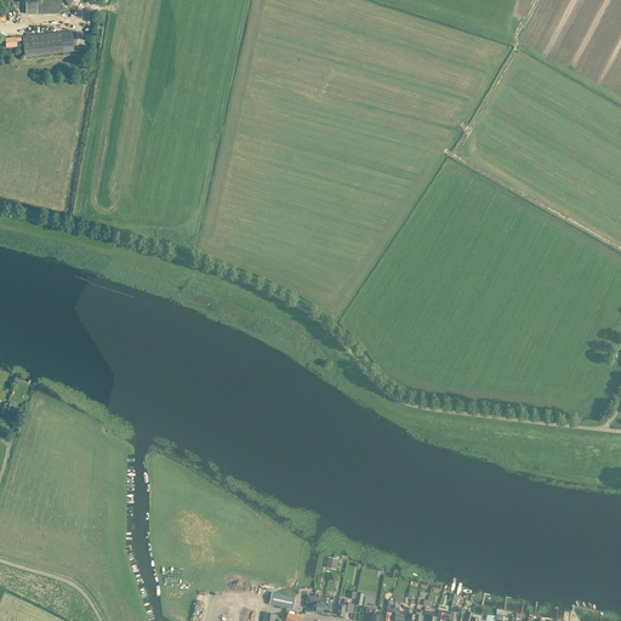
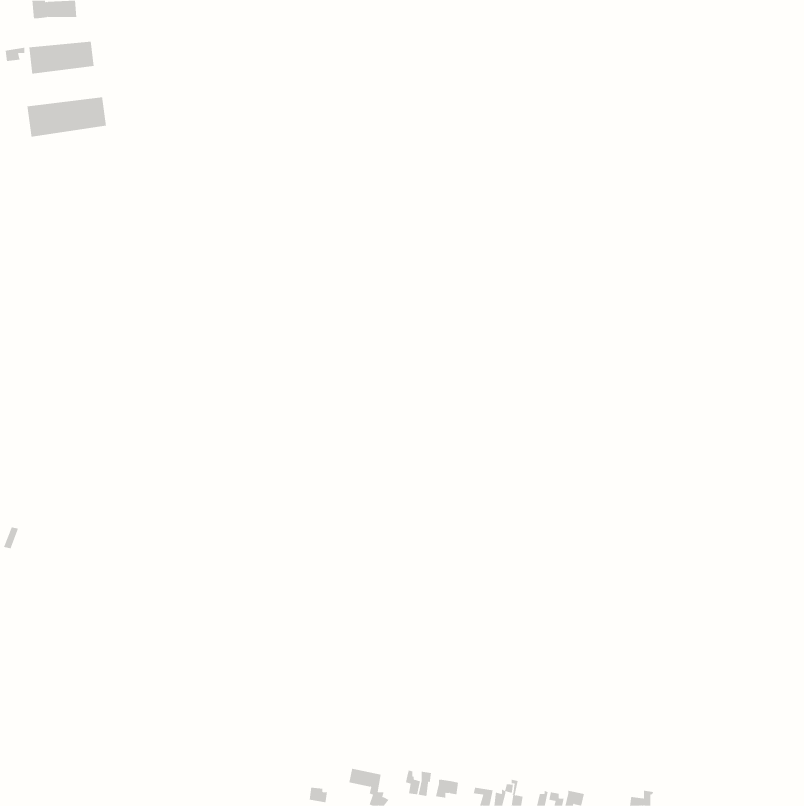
building: none -> [27,96,106,138]

